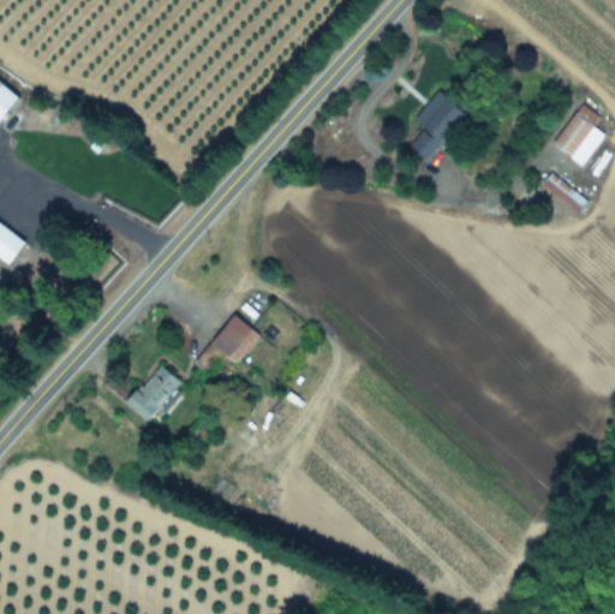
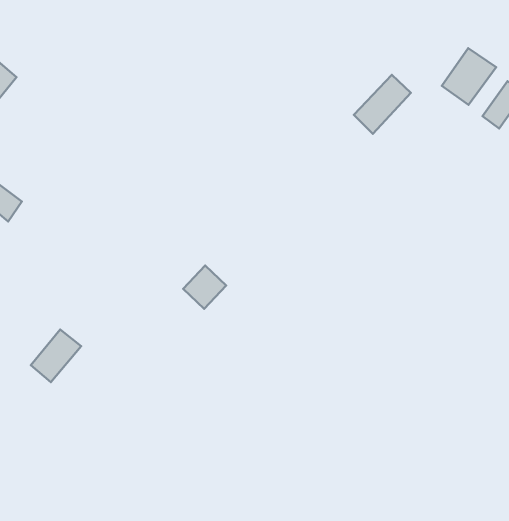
building: none -> [442,48,496,105]
building: [125,362,183,422] -> [31,329,81,382]

